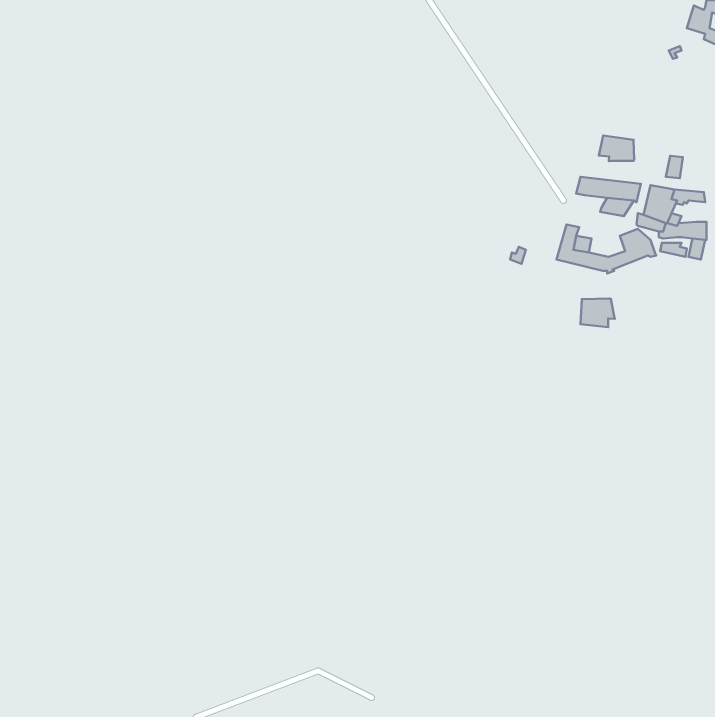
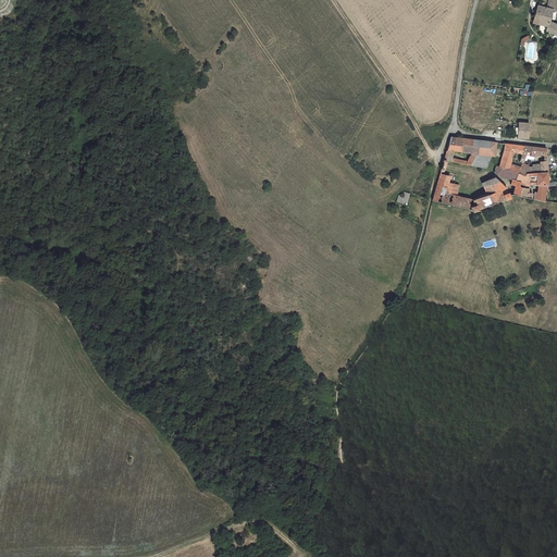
building: [599,136,634,161] -> none
building: [580,298,615,327] -> none

